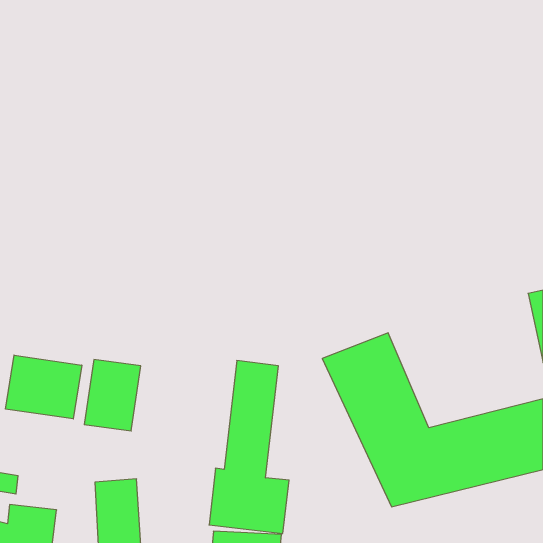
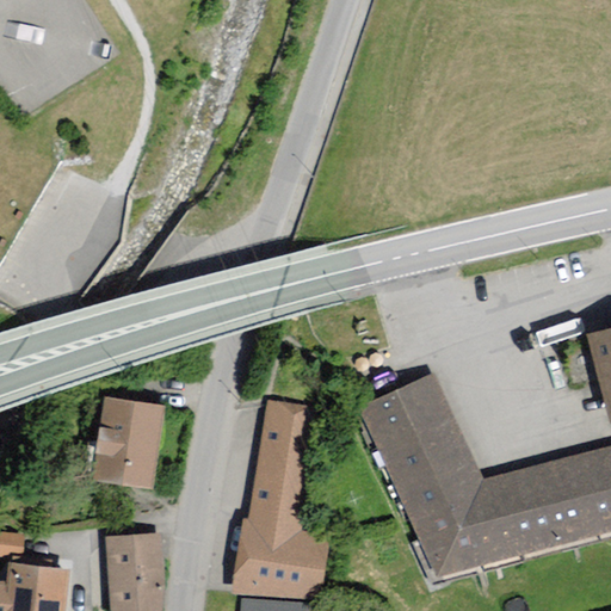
building: [6,355,82,419] -> none

